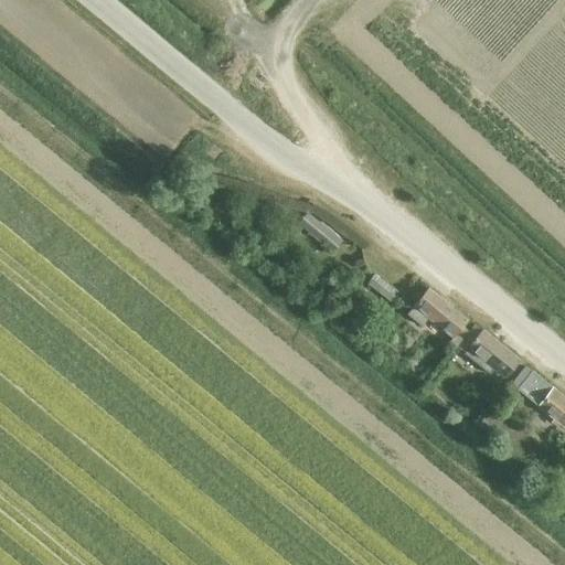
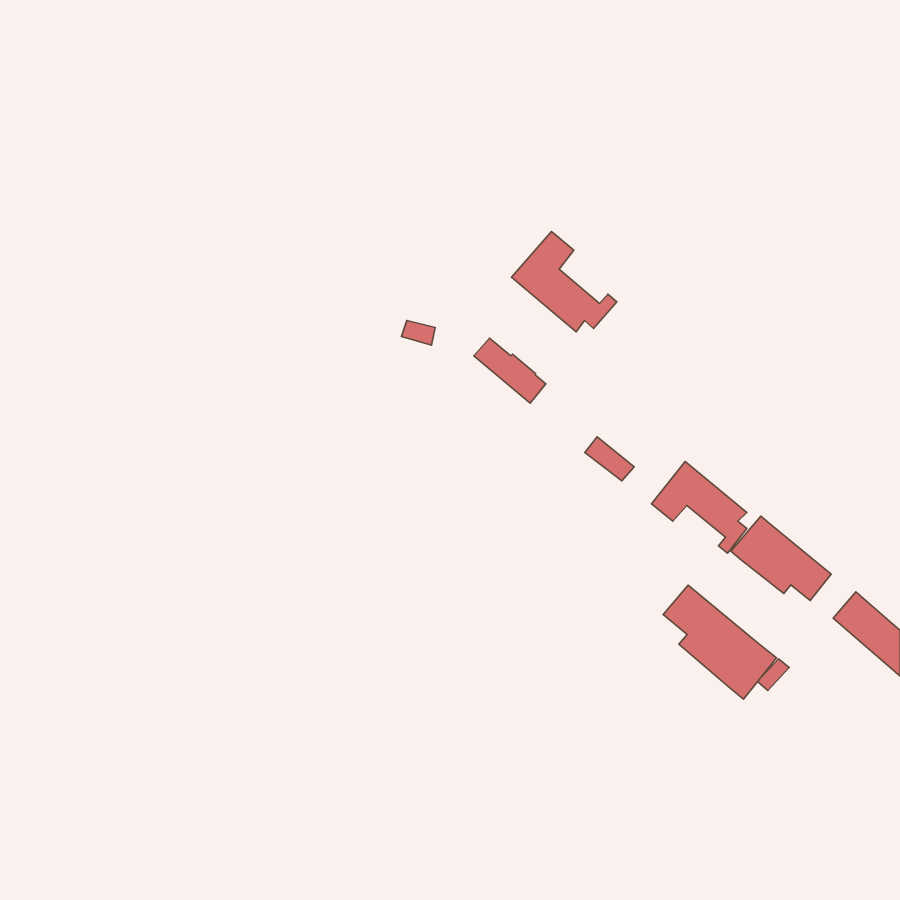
building: none -> [511,232,617,332]
building: none -> [663,585,776,699]

